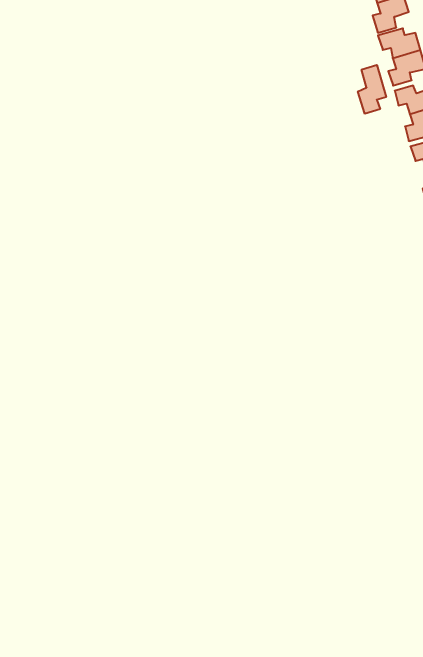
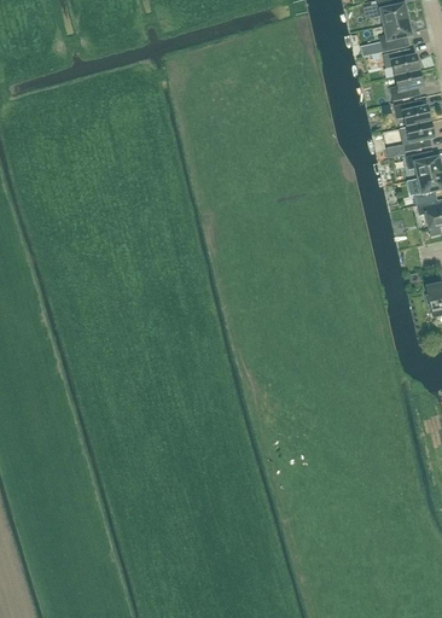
building: [358,65,386,114] -> none

